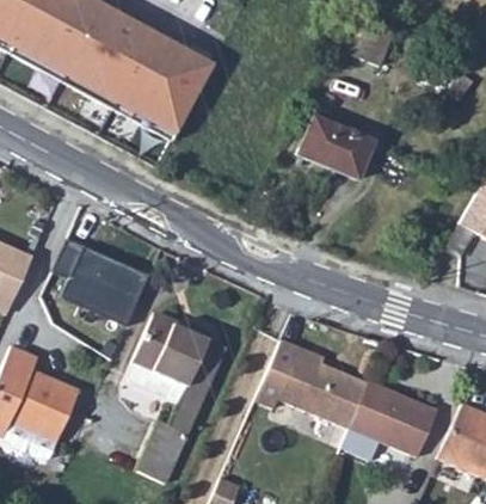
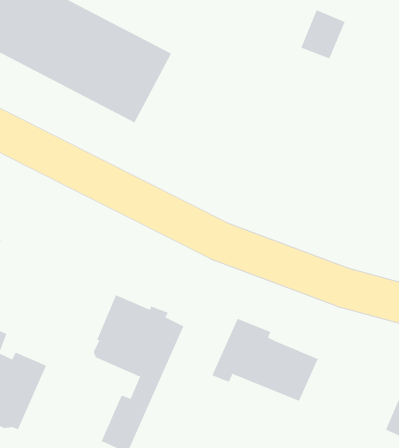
building: [297,115,375,179] -> none
building: [53,238,150,321] -> none
building: [343,380,438,460] -> none

